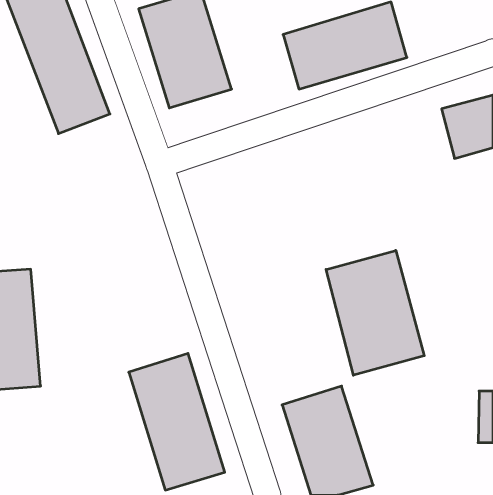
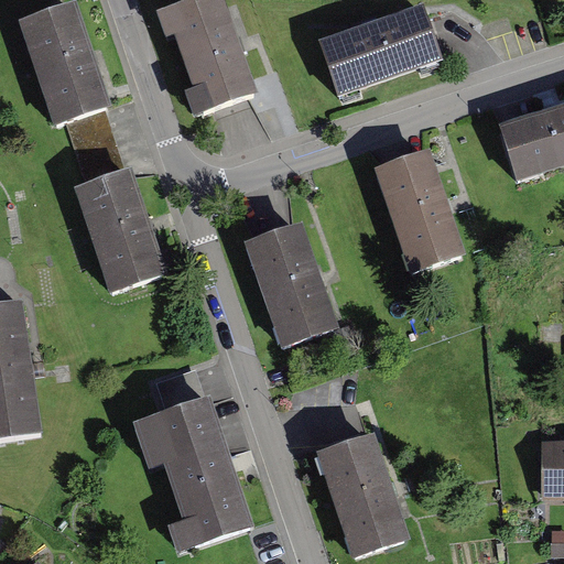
building: none -> [369,147,466,271]
building: none -> [70,169,171,295]
building: none -> [240,215,337,343]
building: [326,250,424,375] -> none

